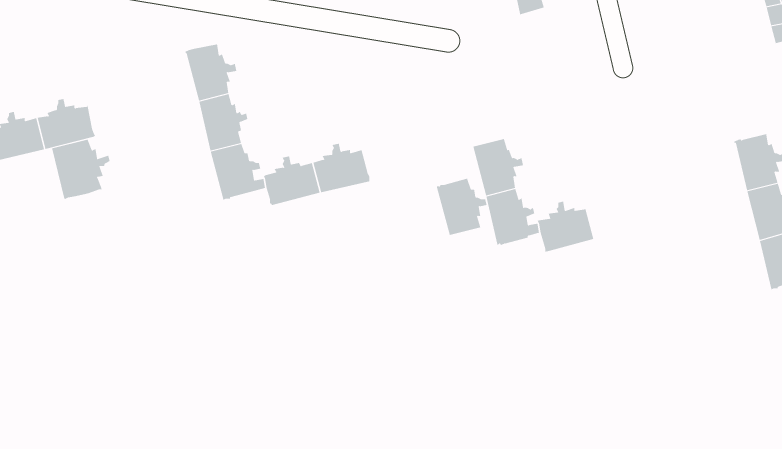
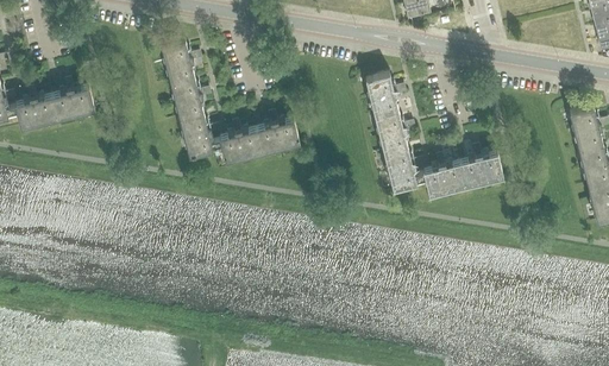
building: [52,139,110,200] -> none
building: [436,178,487,236] -> [365,71,403,114]
building: none -> [459,145,503,183]

